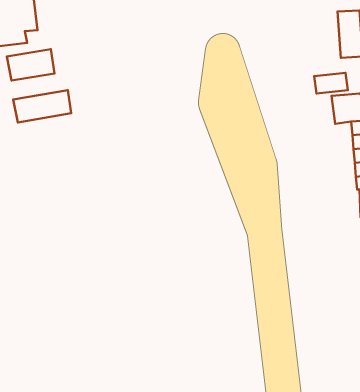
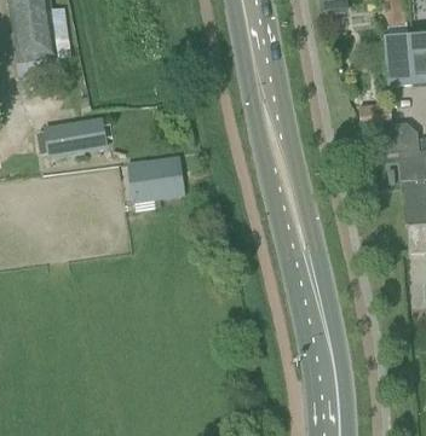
building: [7,49,54,81] -> none
building: none -> [129,156,185,199]

